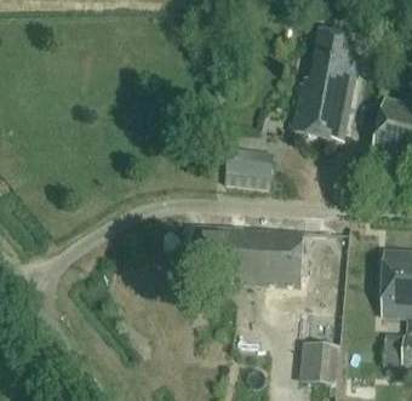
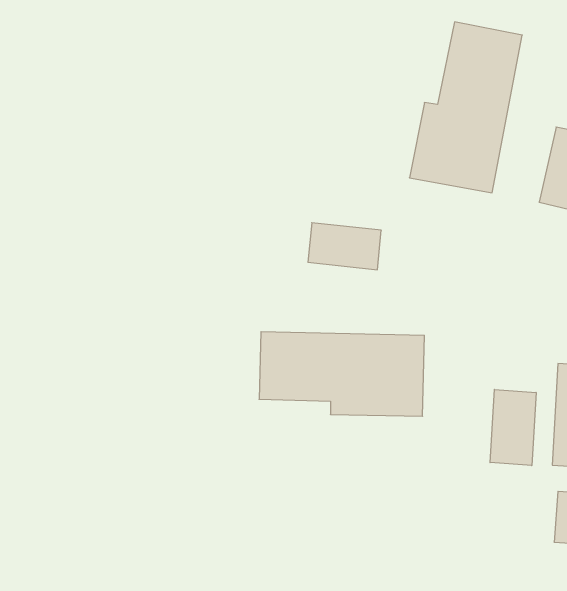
building: none -> [490,389,536,466]
building: [299,342,338,384] -> none

